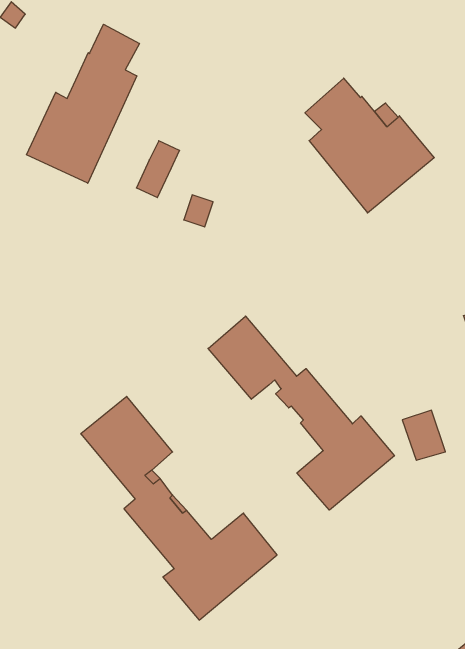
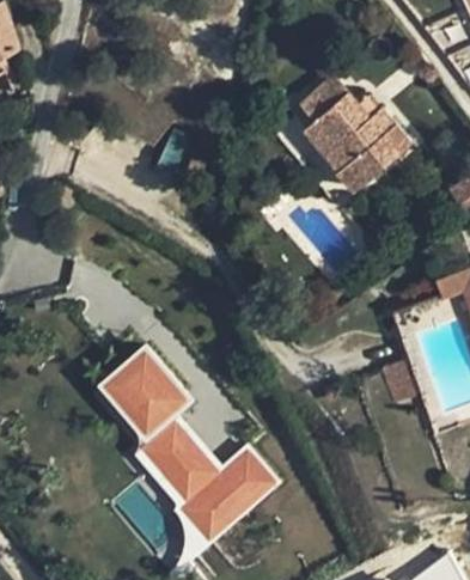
building: [27,24,139,183] -> none
building: [208,316,394,510] -> none

